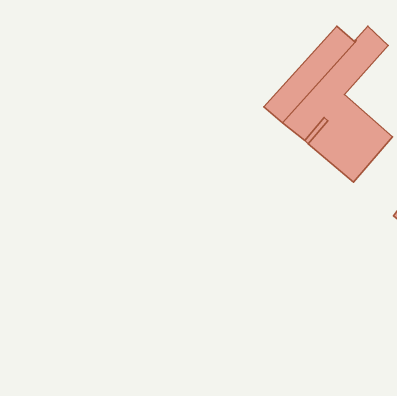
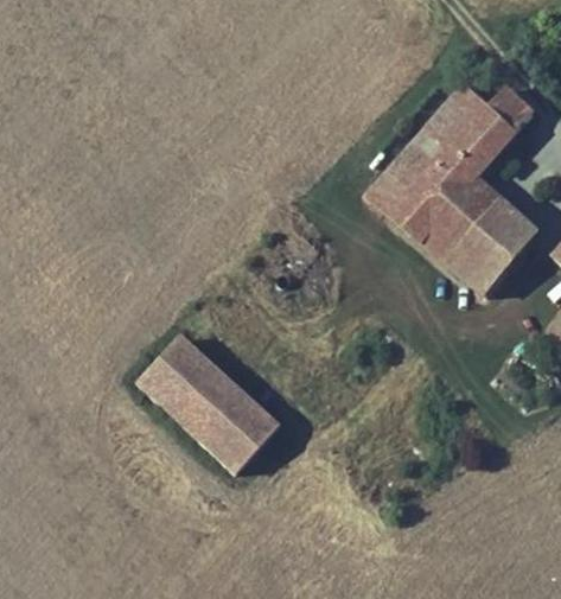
building: none -> [135,336,276,471]

